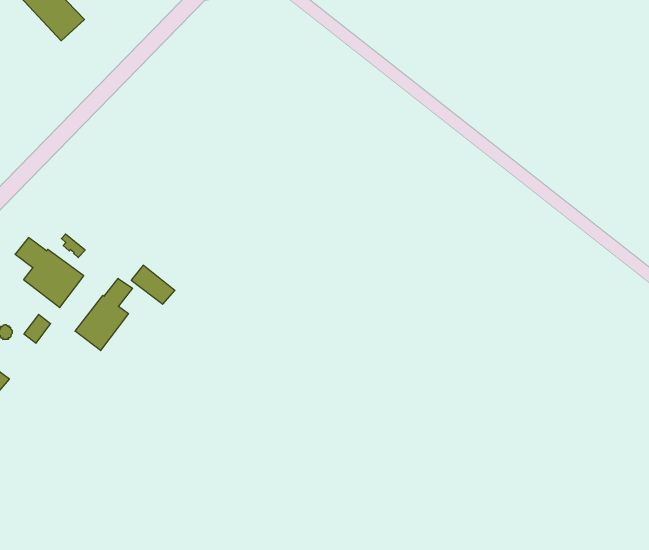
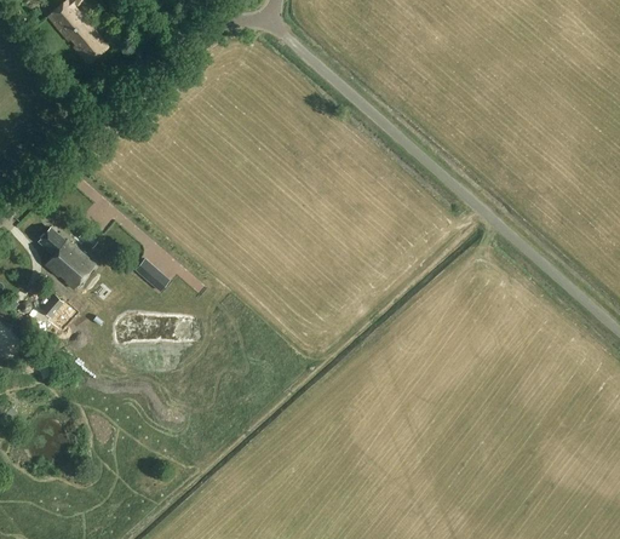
building: [75,278,132,351] -> none

